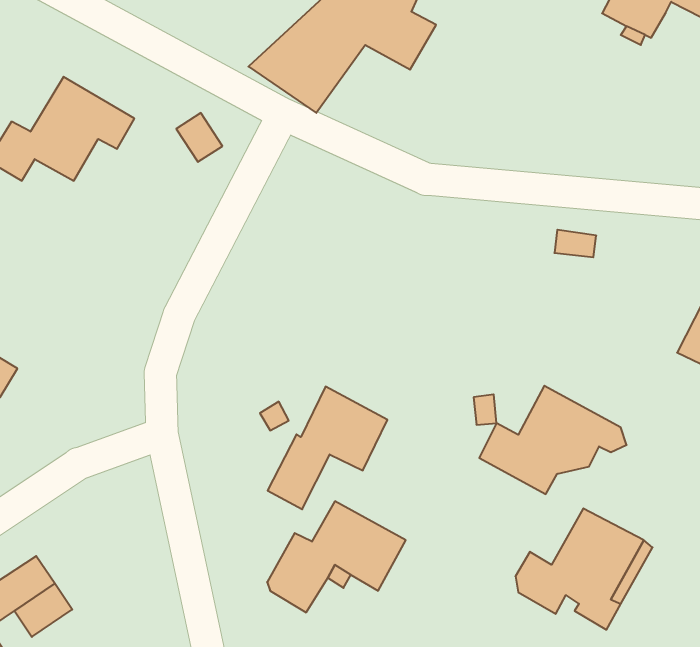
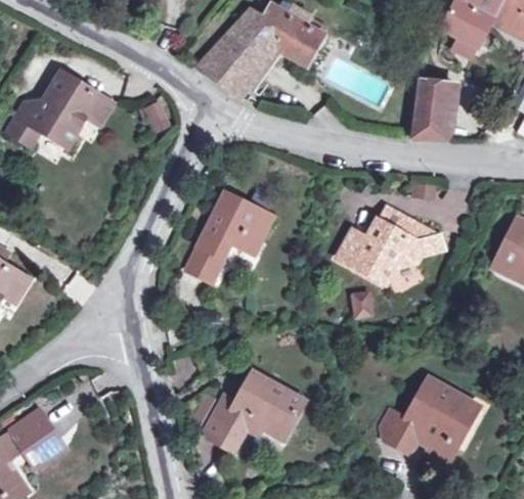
building: none -> [410,82,451,139]
building: [479,386,627,494] -> [338,205,442,281]
building: [268,387,387,509] -> [186,193,271,280]

